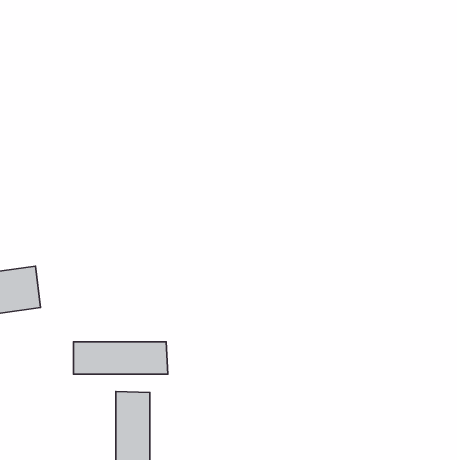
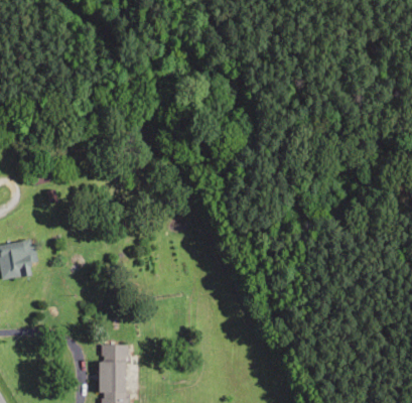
building: [74,342,168,374] -> none

